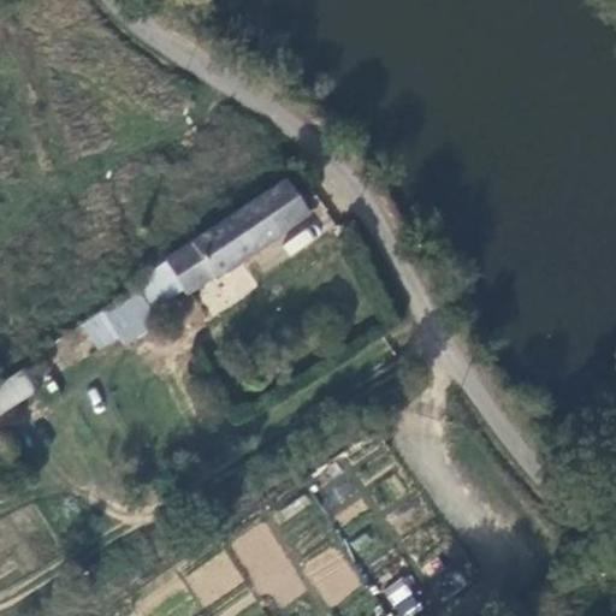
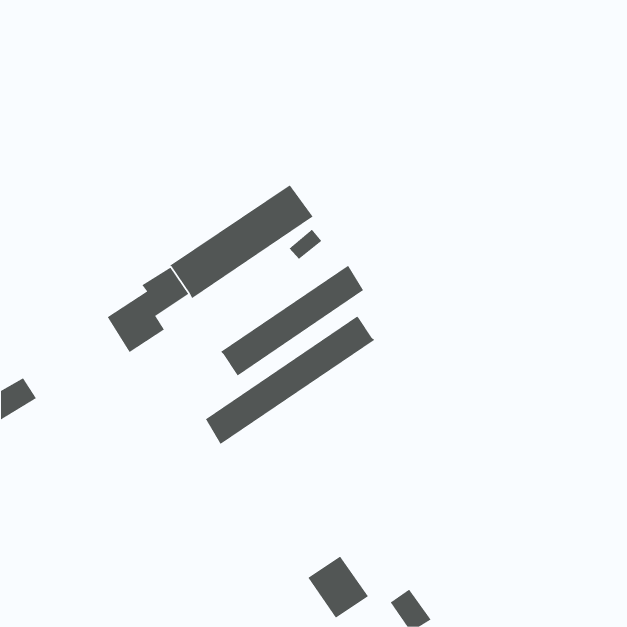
building: none -> [220,265,364,377]
building: none -> [205,315,375,445]

